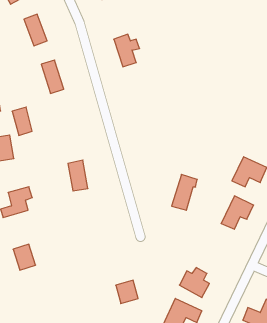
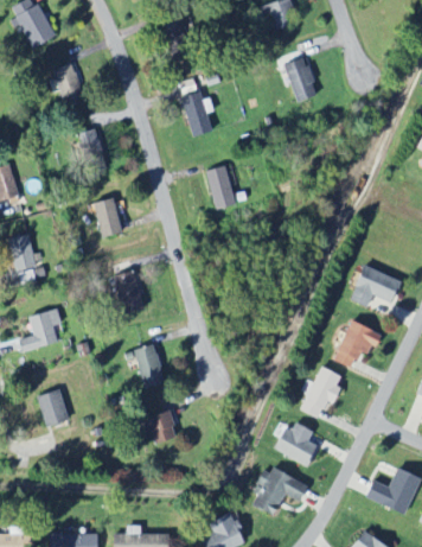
building: none -> [283,56,316,102]
building: none -> [209,166,234,208]
building: [12,107,32,135] -> [92,197,121,237]
building: [172,174,197,210] -> [303,367,340,418]
building: none -> [136,344,162,388]
building: [116,280,138,304] -> [145,411,177,444]

